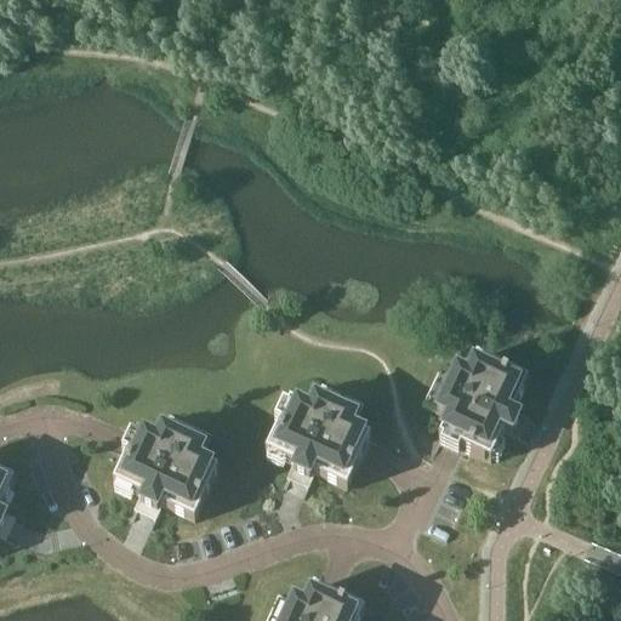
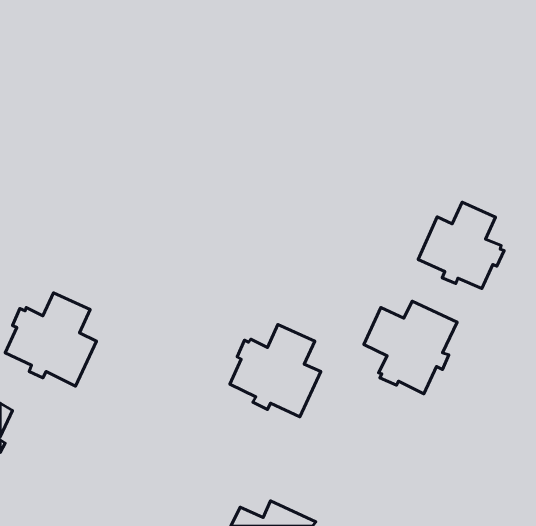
building: none -> [418,202,504,288]
building: [113,406,218,514] -> [5,293,96,386]

